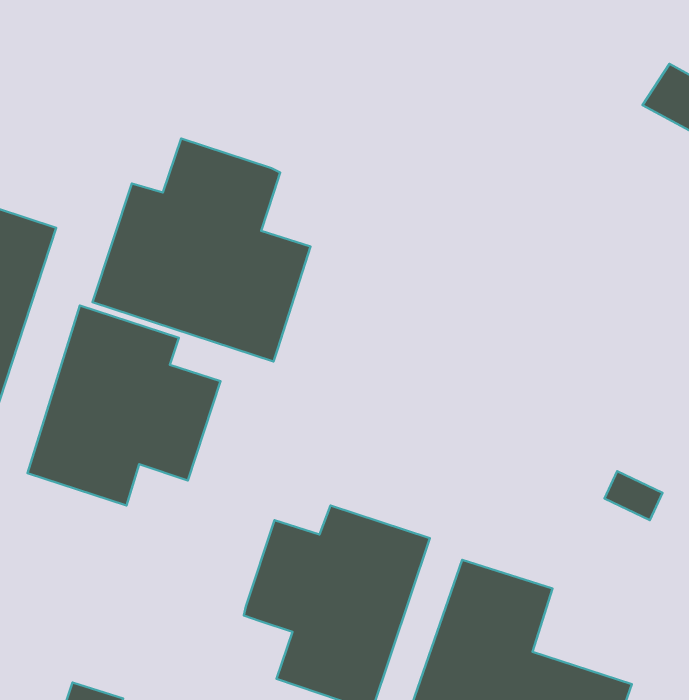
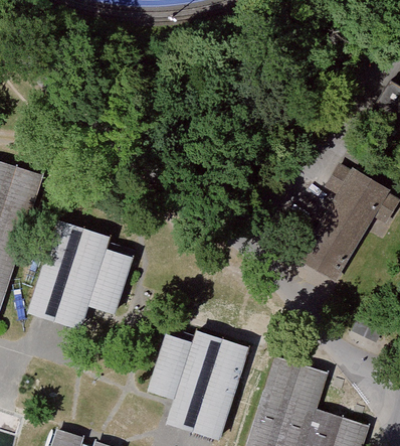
building: [92,139,311,362] -> none
building: none -> [292,164,382,284]

